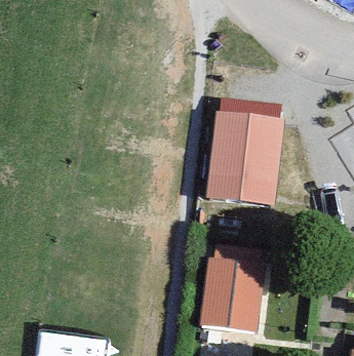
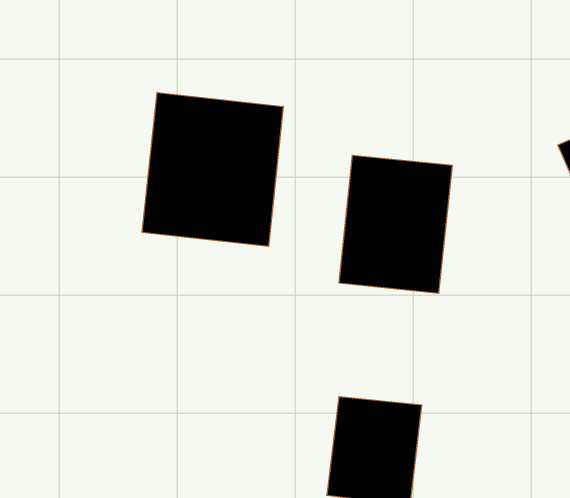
building: none -> [142,92,283,246]

